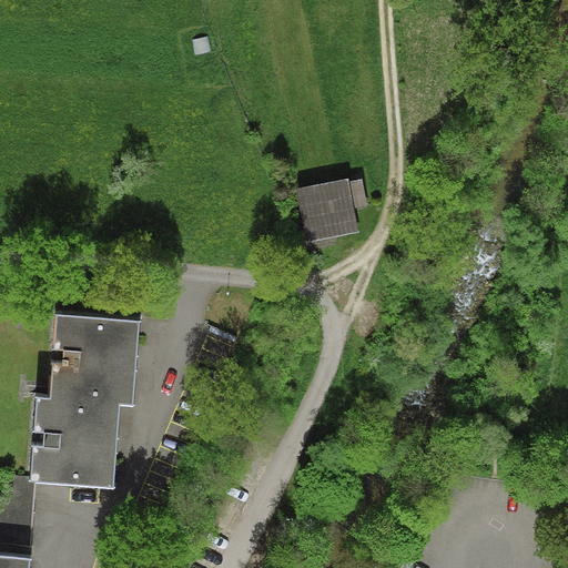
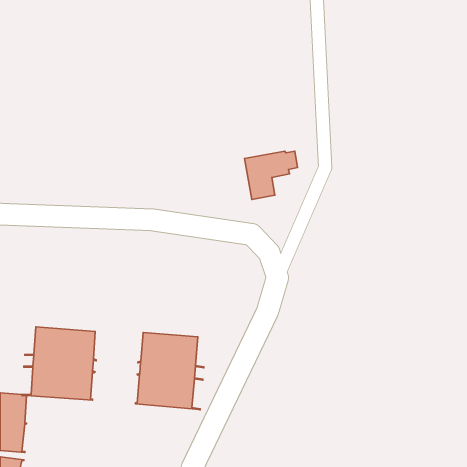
building: [34,314,140,404] -> none
building: none -> [135,333,204,410]

